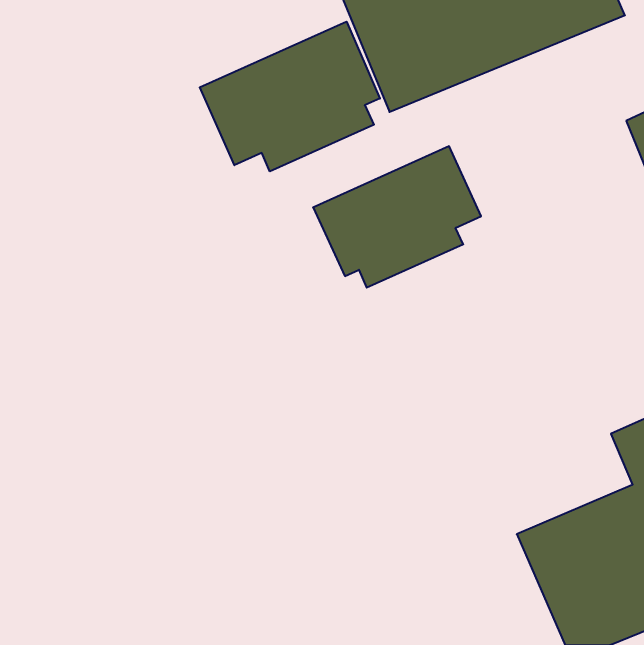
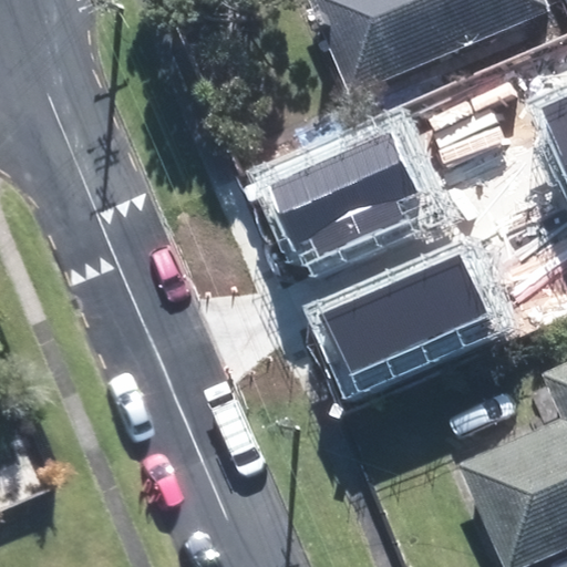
building: [200,22,380,171] -> none
building: none -> [332,250,492,369]

